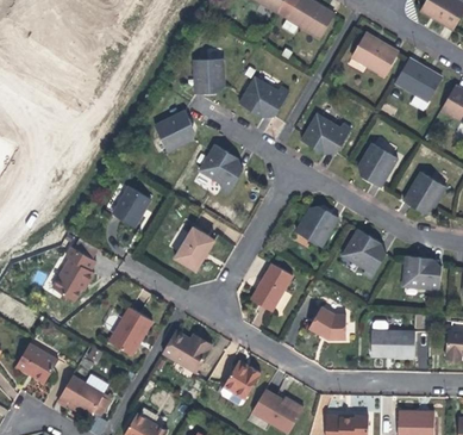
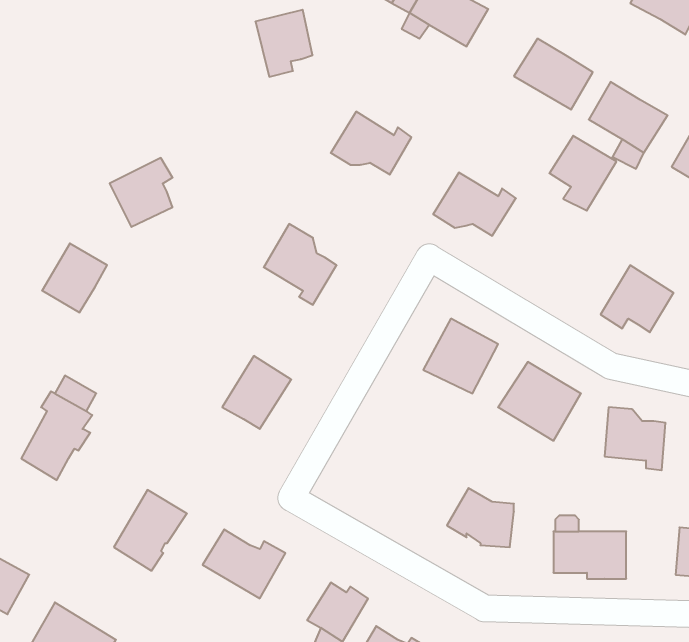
building: [190,61,225,101] -> [255,10,313,77]
building: [155,116,193,157] -> [110,158,173,227]
building: [357,142,398,187] -> [549,136,616,211]
building: [112,186,151,228] -> [42,243,107,312]
building: [252,262,294,311] -> none

